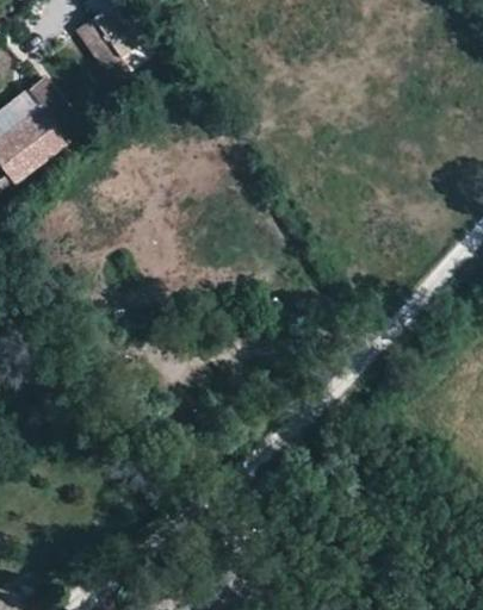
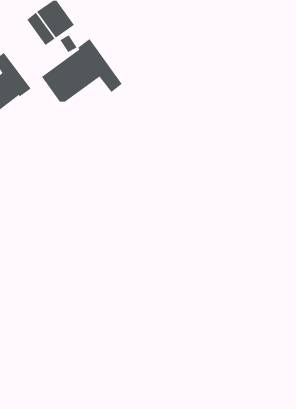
building: none -> [41,38,123,102]

